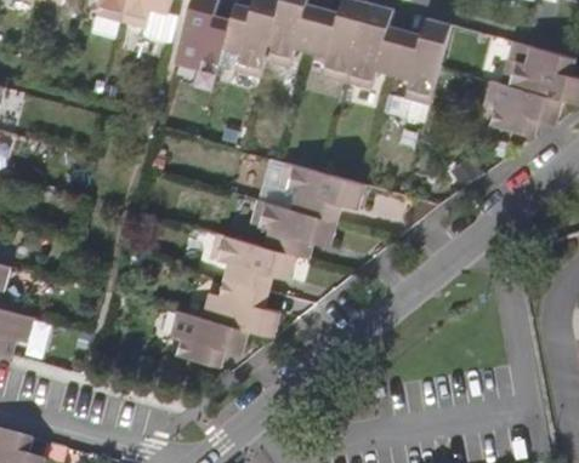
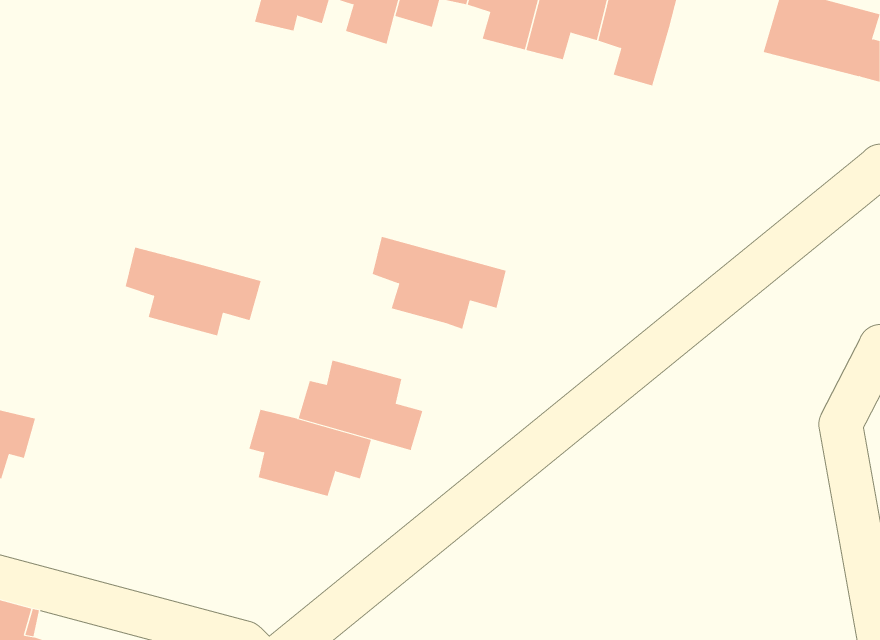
building: [482,80,561,135] -> none
building: [255,156,363,222] -> none
building: [209,234,296,291] -> [125,247,262,336]

